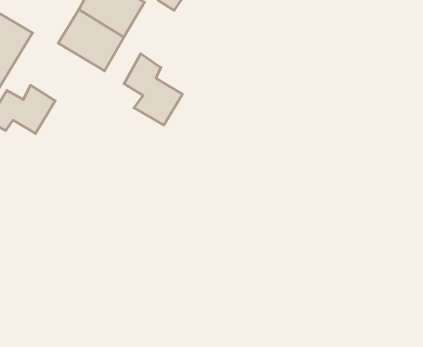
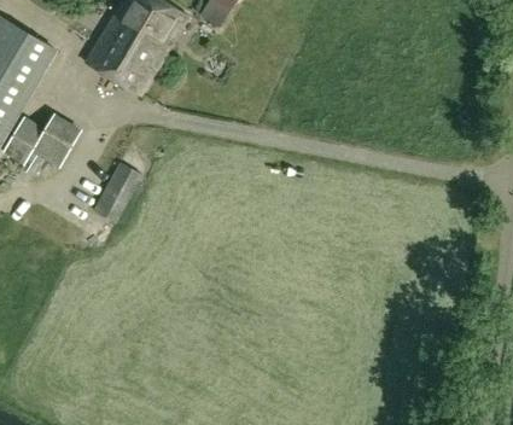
building: [124,54,182,125] -> none
building: none -> [89,159,139,221]

